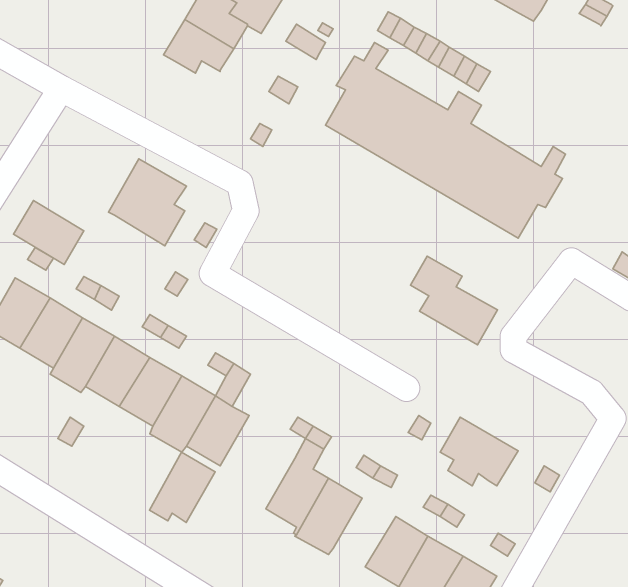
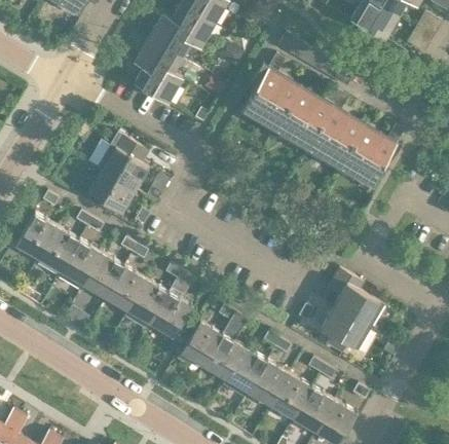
building: none -> [134,66,181,103]
building: [14,200,84,265] -> [87,170,135,213]
building: [410,256,497,345] -> [327,268,385,328]
building: [149,452,215,522] -> [178,320,222,367]
building: none -> [248,360,290,406]

